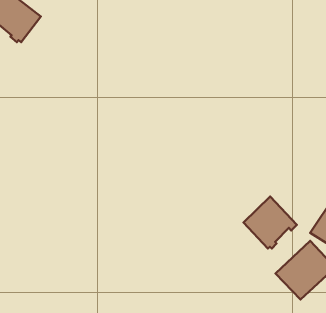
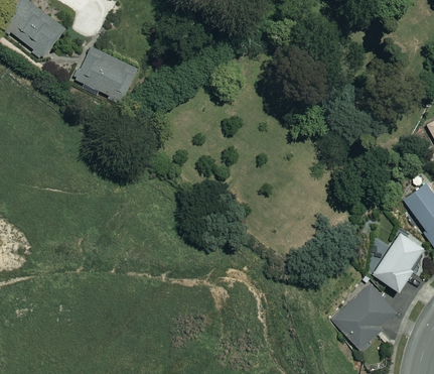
building: none -> [71,47,138,104]
building: [243,196,297,249] -> none

